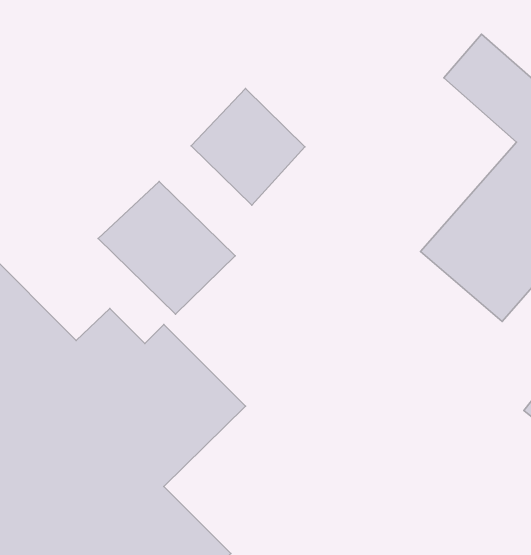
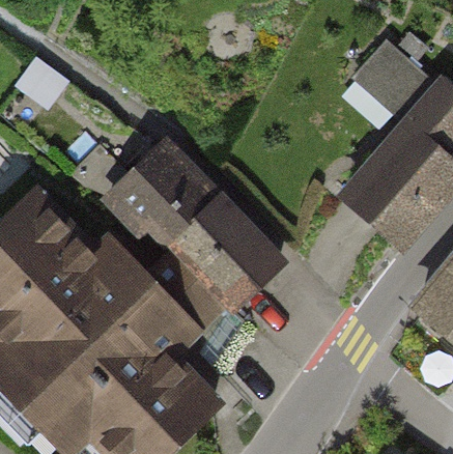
building: [191,88,305,205] -> none
building: none -> [161,199,277,313]

